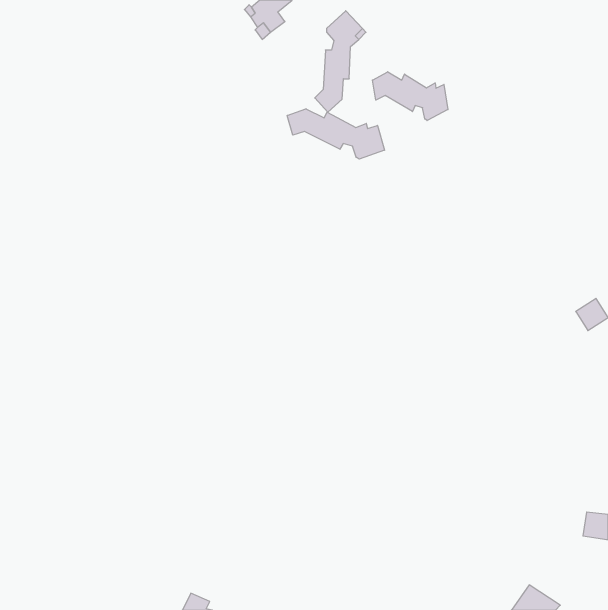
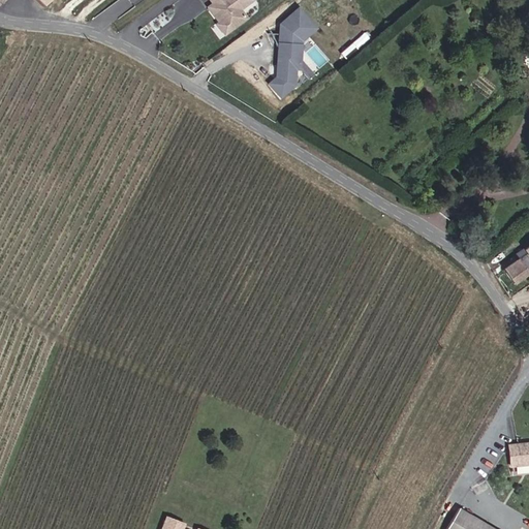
building: [372,72,448,121] -> none
building: [287,109,385,159] -> none

